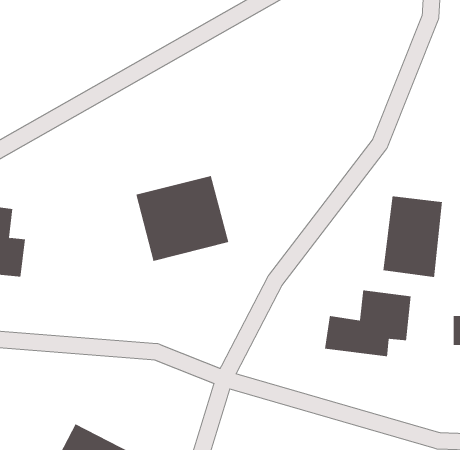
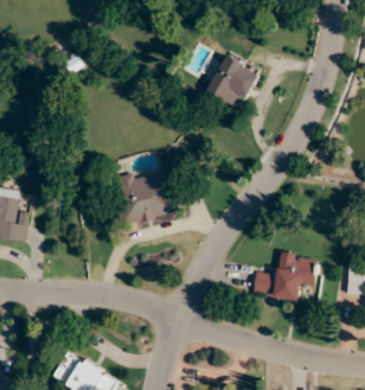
building: none -> [206,53,261,109]
building: [383,196,442,278] -> none

